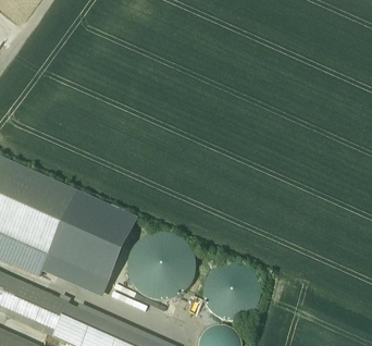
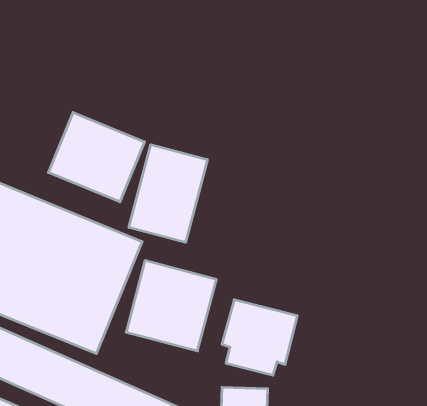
building: none -> [48,112,145,202]
building: none -> [129,145,207,242]

